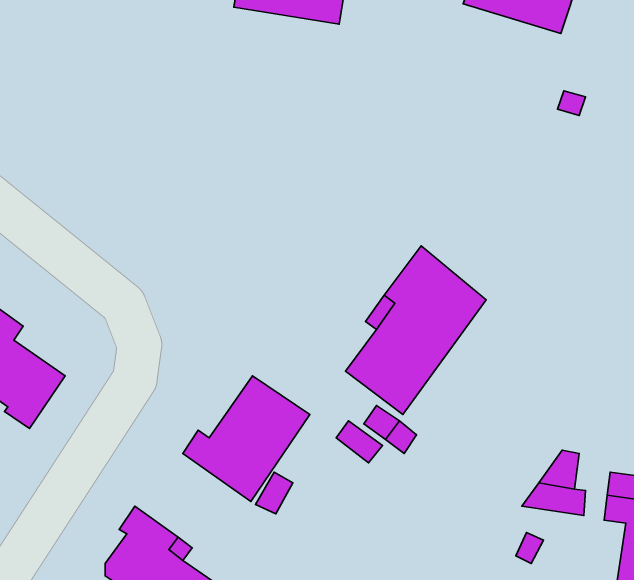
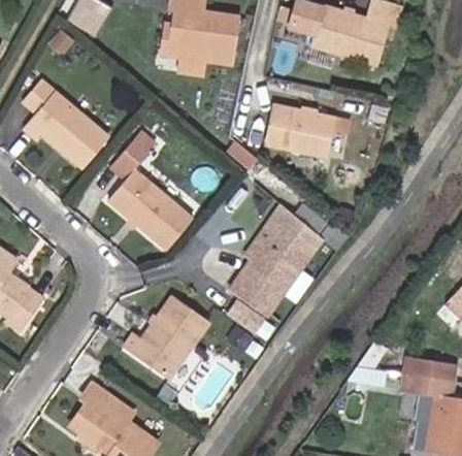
building: none -> [23,80,108,167]
building: none -> [265,106,348,158]
building: none -> [106,136,190,249]

